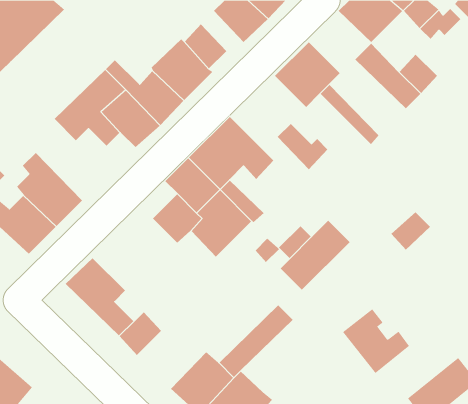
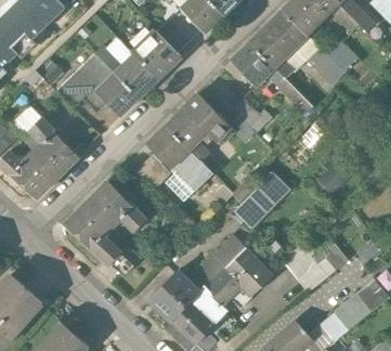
building: none -> [256,9,304,57]
building: none -> [87,181,144,231]
building: none -> [203,250,271,307]

